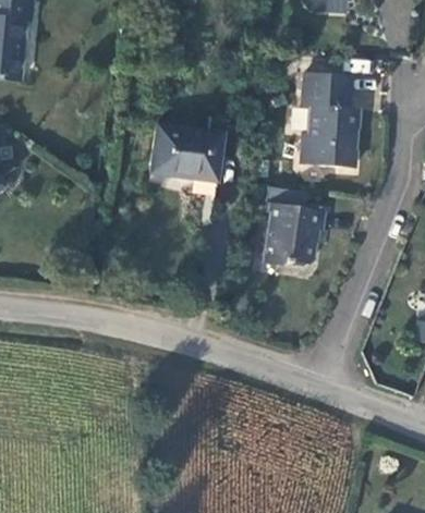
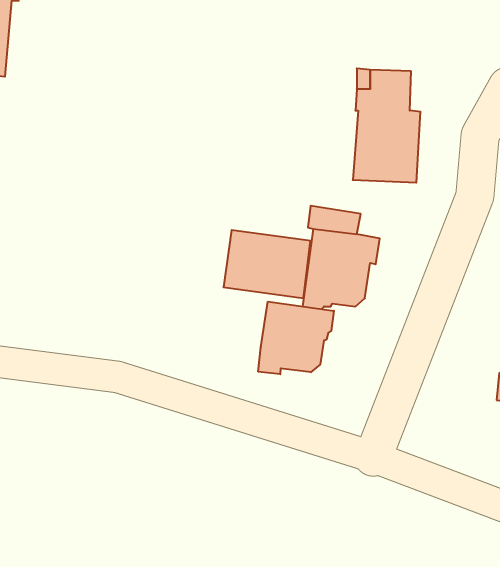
building: [151,129,221,183] -> [223,230,310,298]
building: none -> [258,302,334,374]

